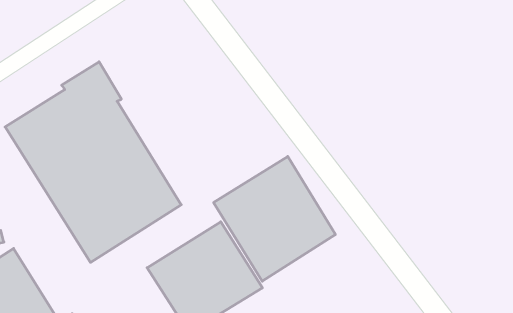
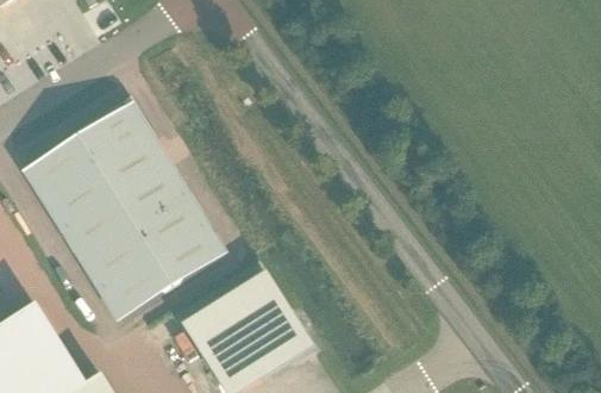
building: [214,156,335,281] -> none

